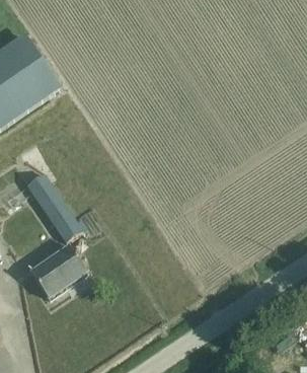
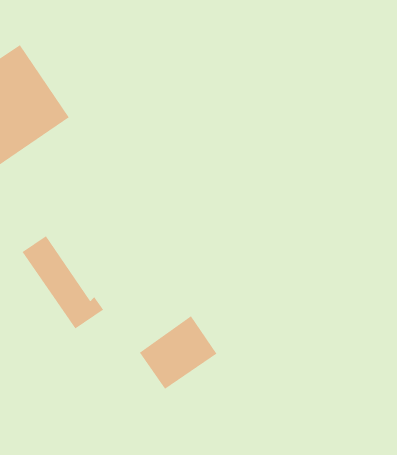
building: [29,244,87,299] -> [139,315,217,390]

